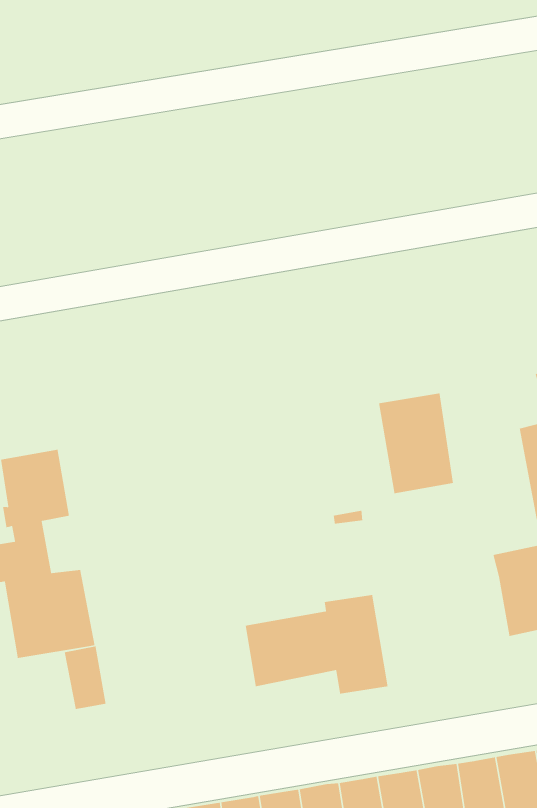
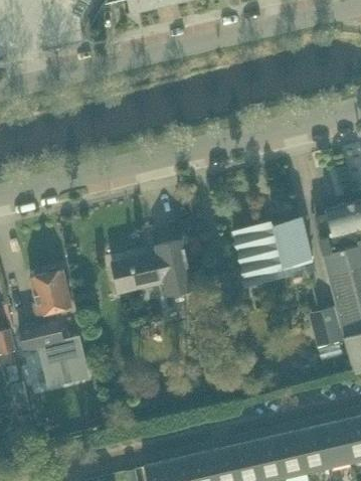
building: none -> [274,218,312,275]
building: [245,594,388,695] -> [111,239,193,297]
building: [64,646,106,710] -> none

